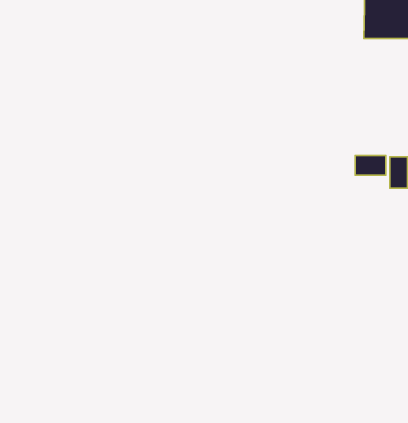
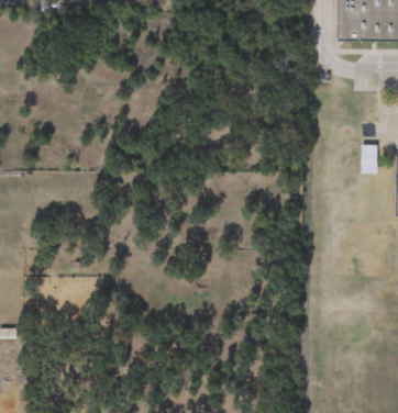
building: [355,155,386,175] -> none

